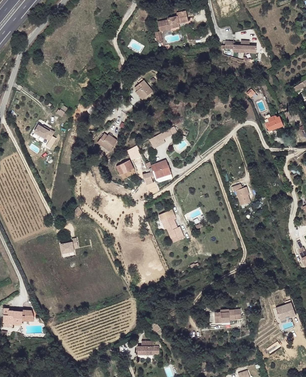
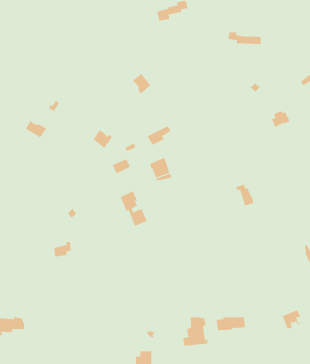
building: [159,209,185,243] -> [120,190,147,227]
building: none -> [183,316,208,346]

